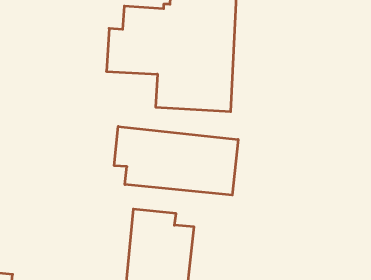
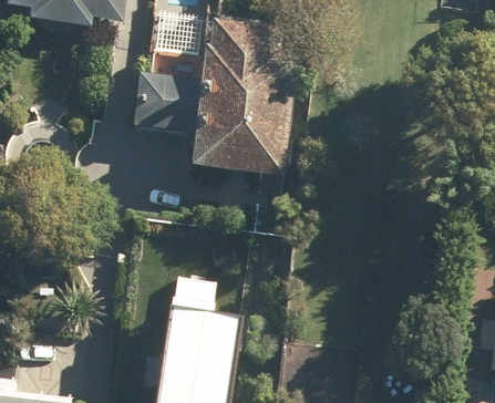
building: [114,126,238,195] -> none

